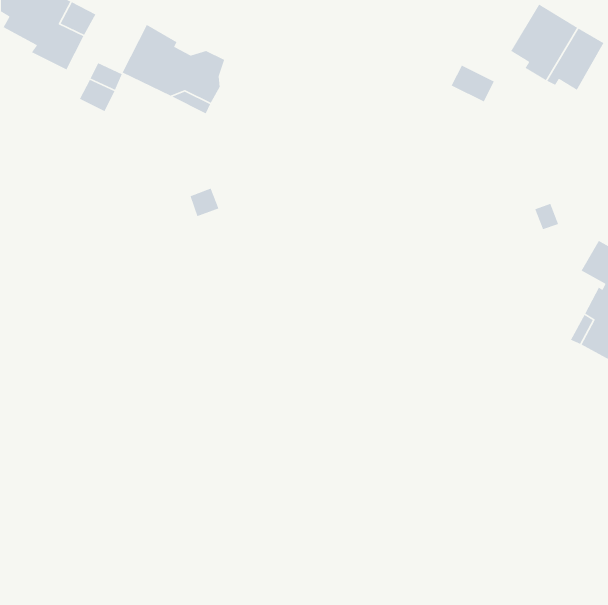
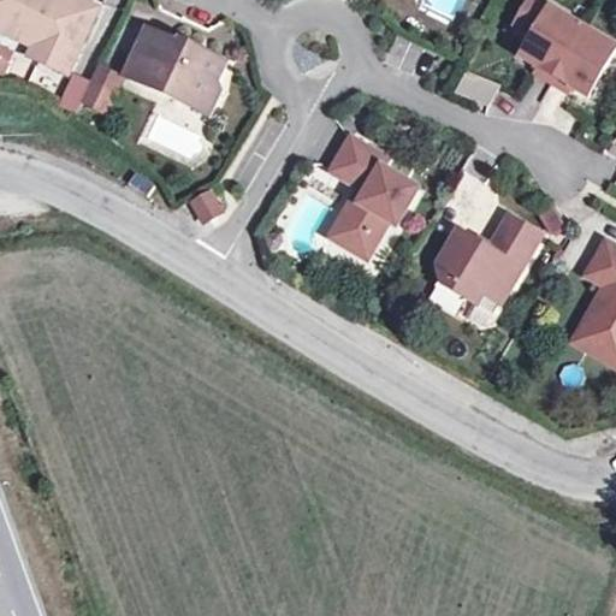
building: none -> [326,131,414,248]
building: none -> [434,217,537,303]

